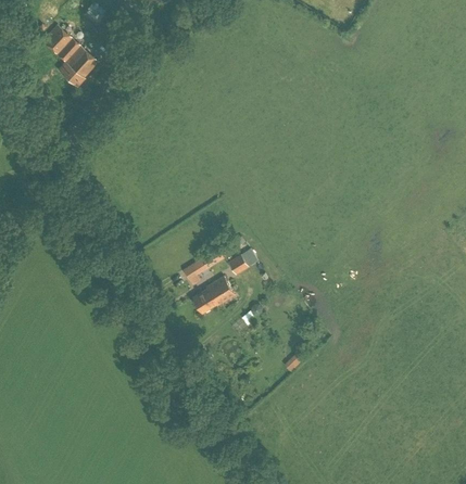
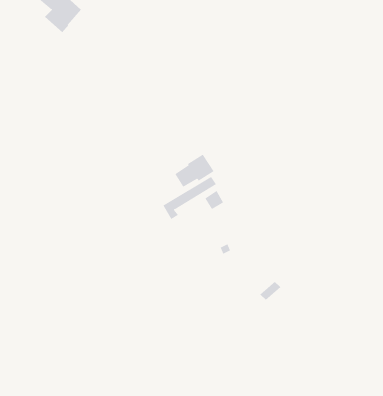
building: [193,277,236,313] -> [175,154,215,187]

